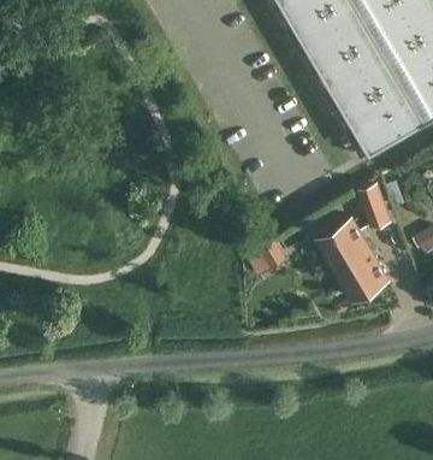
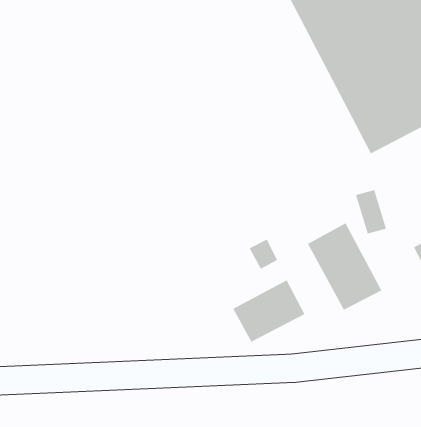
building: none -> [233,280,305,343]

